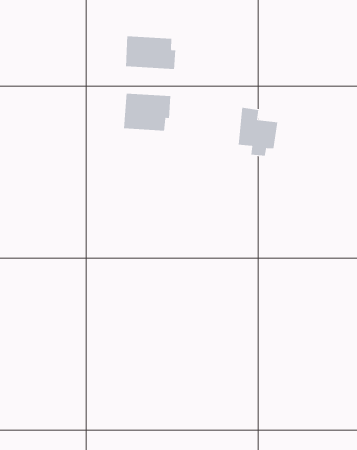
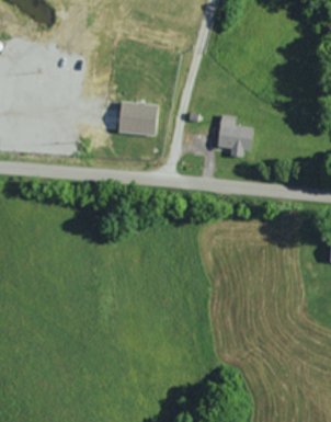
building: [125,35,176,70] -> none

